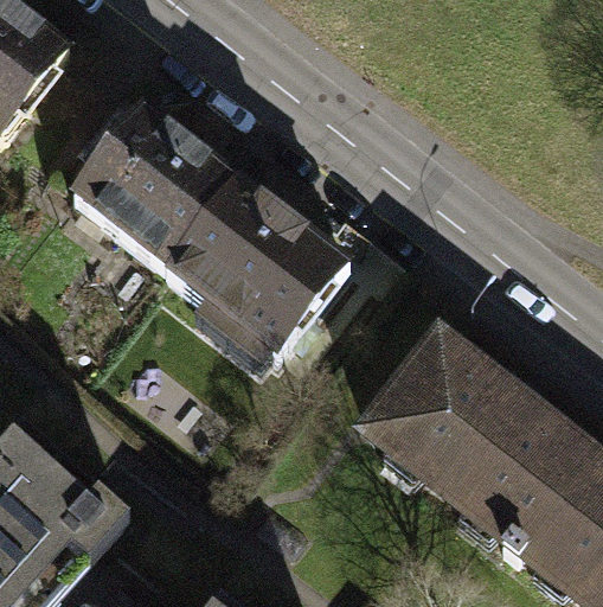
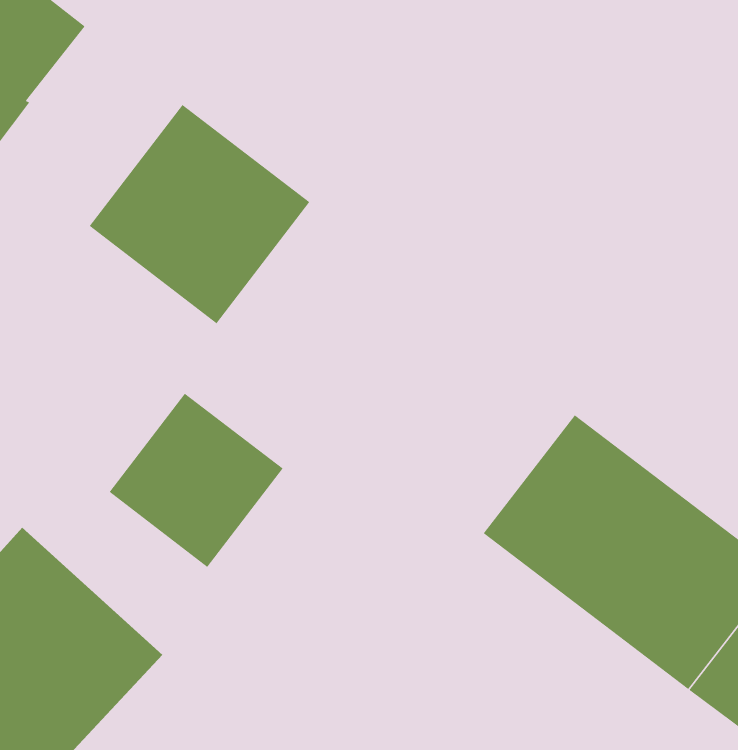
building: [166,178,344,351] -> none
building: none -> [109,393,283,568]

